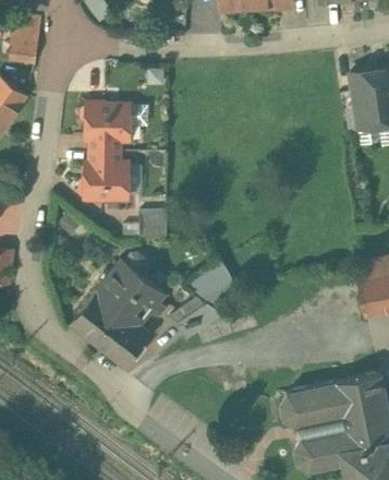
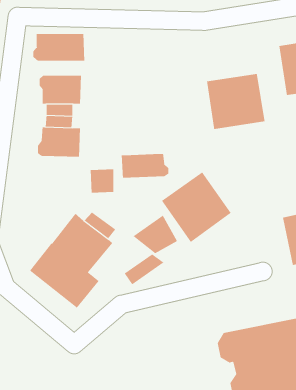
building: none -> [33,33,85,61]
building: none -> [206,73,265,130]
building: none -> [121,153,169,178]
building: none -> [161,172,231,243]

